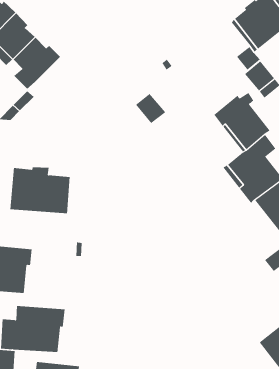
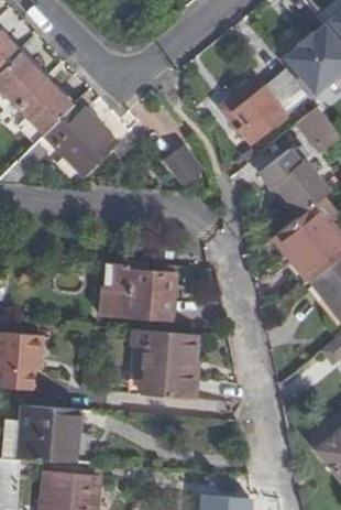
building: none -> [220,77,286,143]
building: none -> [45,101,116,173]
building: [10,167,70,214] -> [101,261,175,318]
building: none -> [129,328,196,398]

